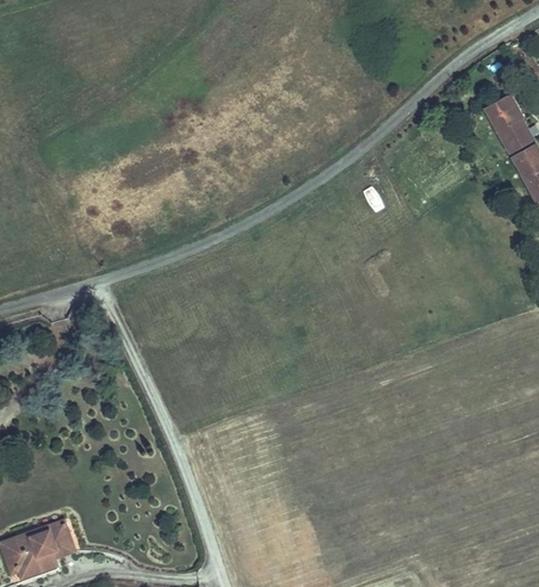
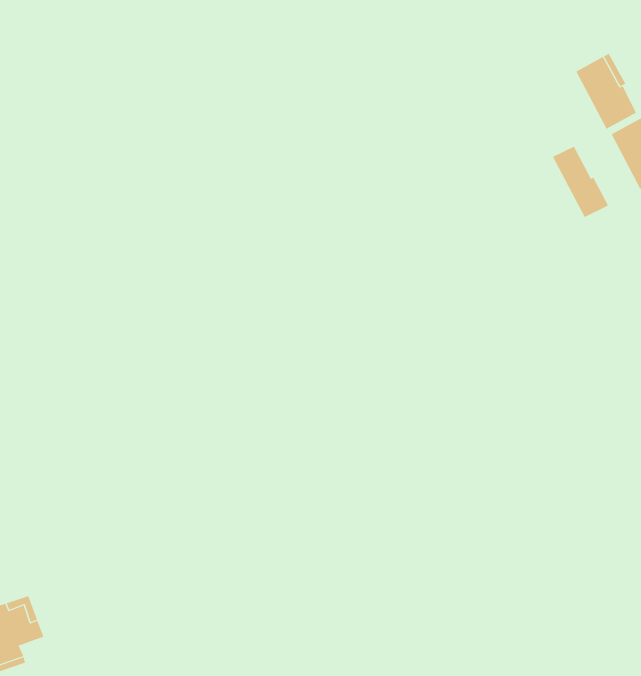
building: none -> [552,146,609,218]

